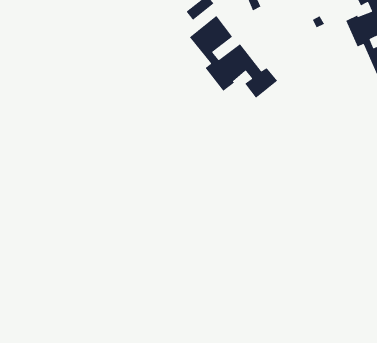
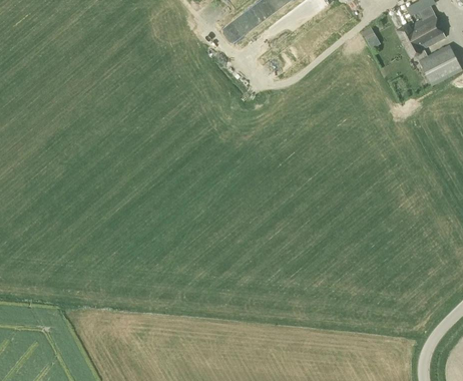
building: [189,15,278,99] -> none

